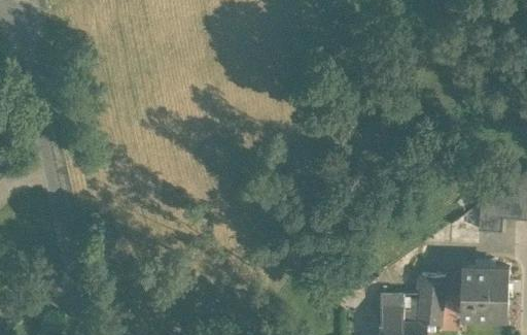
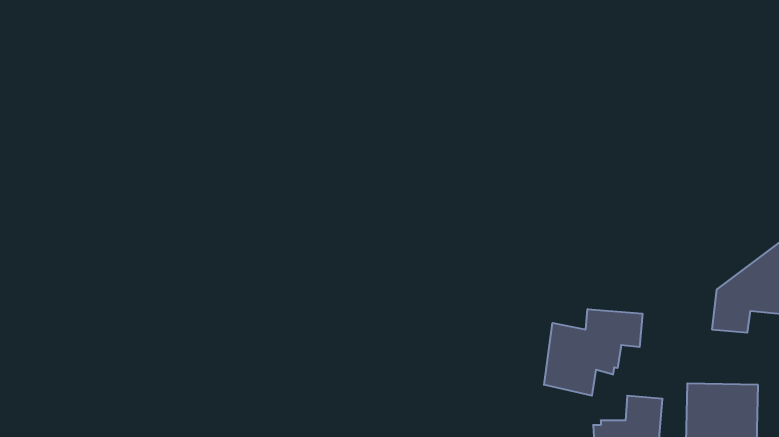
building: none -> [544,309,642,396]

